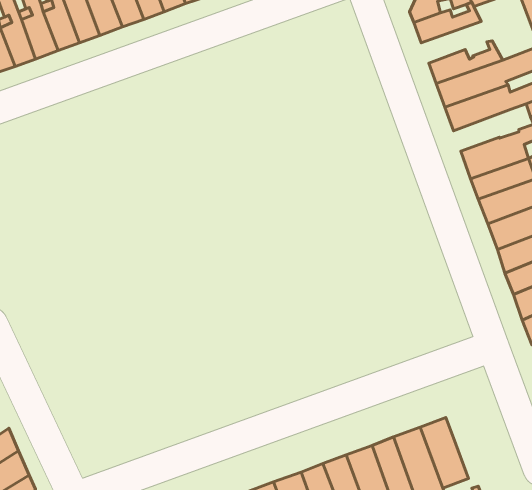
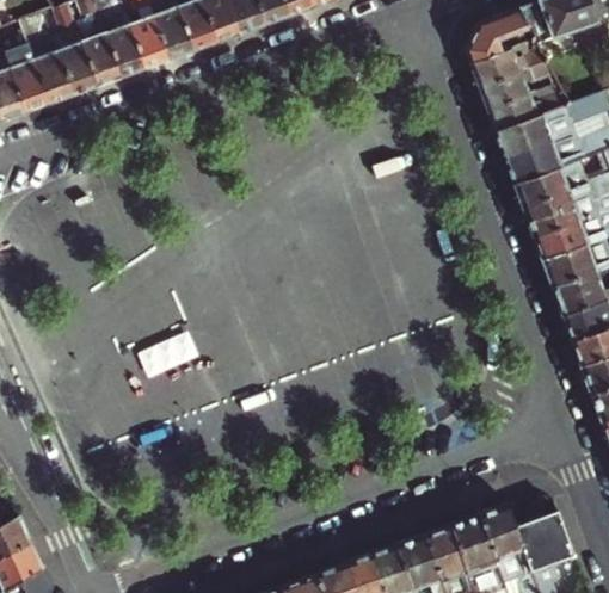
building: none -> [480,62,559,109]
building: none -> [516,160,589,206]
building: none -> [516,511,576,572]

